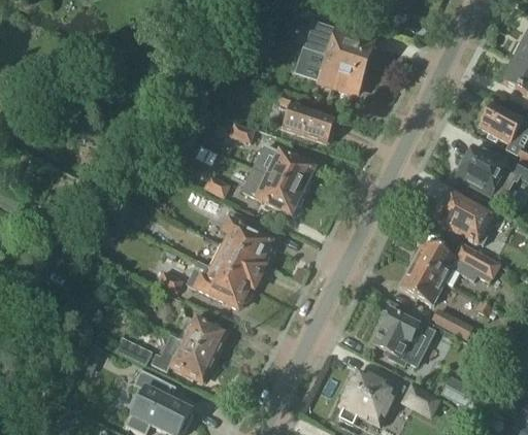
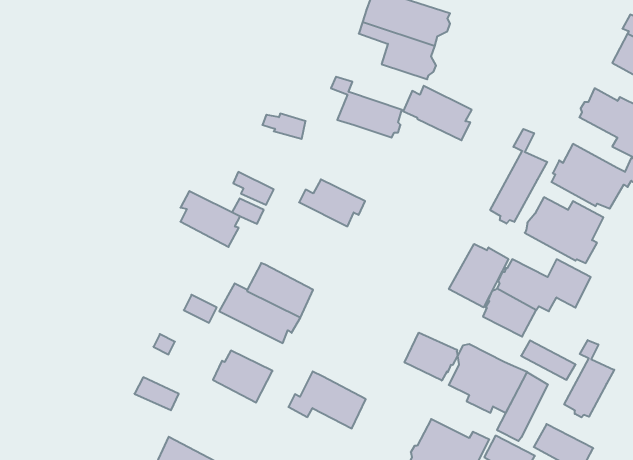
building: none -> [490,129,547,224]
building: [258,148,314,193] -> [403,86,472,140]
building: [224,220,272,265] -> [180,191,240,247]
building: none -> [449,244,508,307]
building: none -> [405,333,458,381]
building: none -> [564,340,614,417]
building: none -> [497,372,548,441]
building: [154,334,217,380] -> [288,371,366,428]

